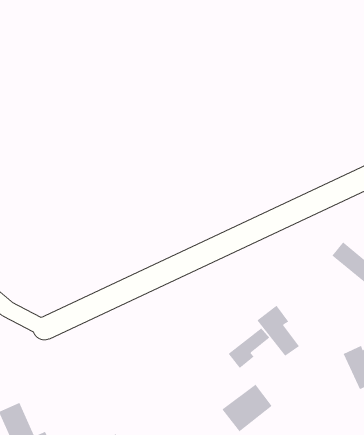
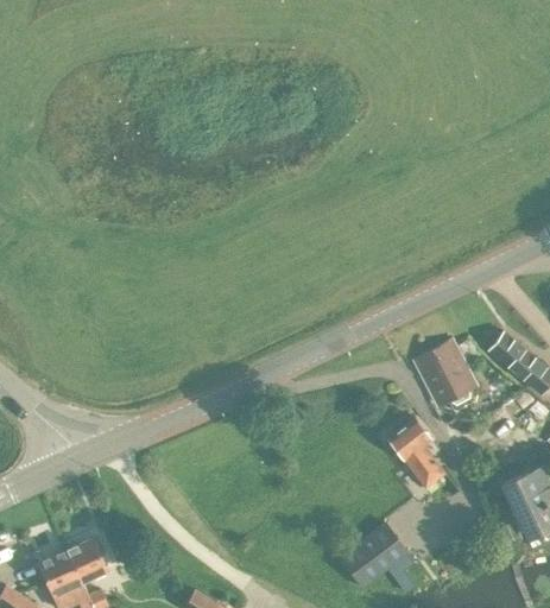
building: none -> [415,340,476,406]
building: [228,328,270,369] -> none
building: none -> [68,538,108,582]

